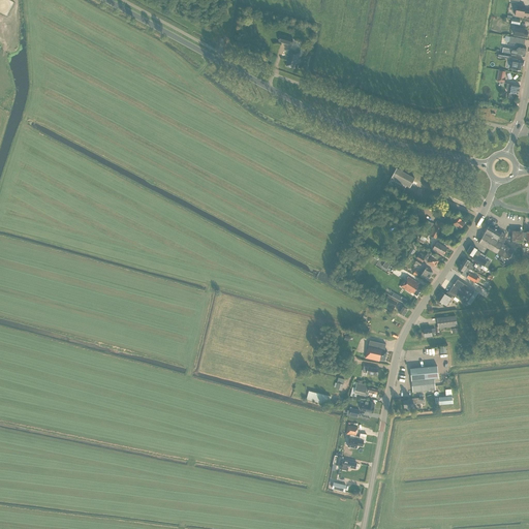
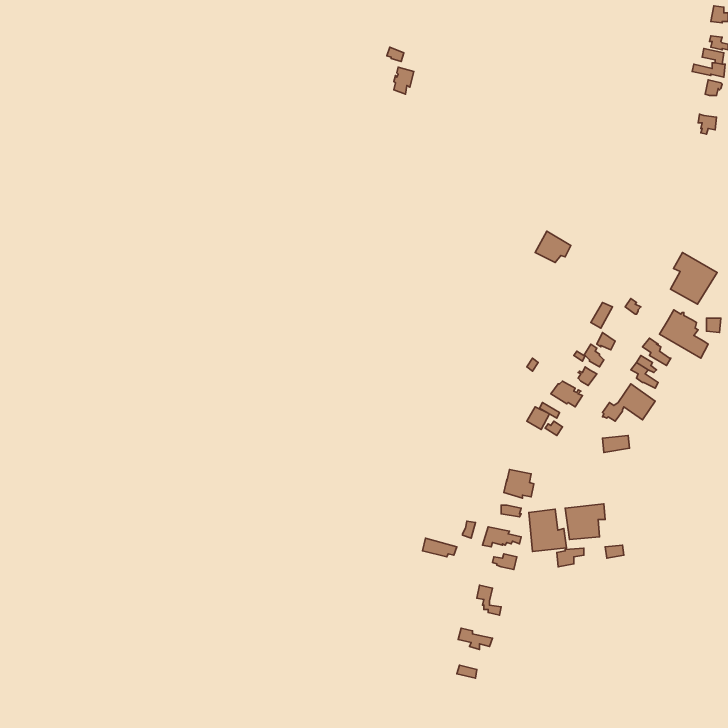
building: none -> [670,252,717,304]
building: none -> [529,509,566,551]

